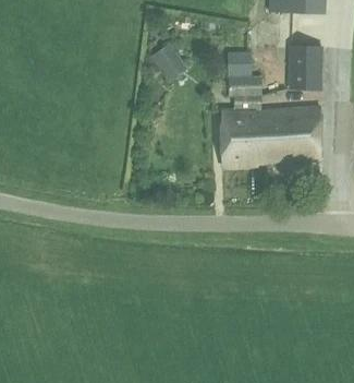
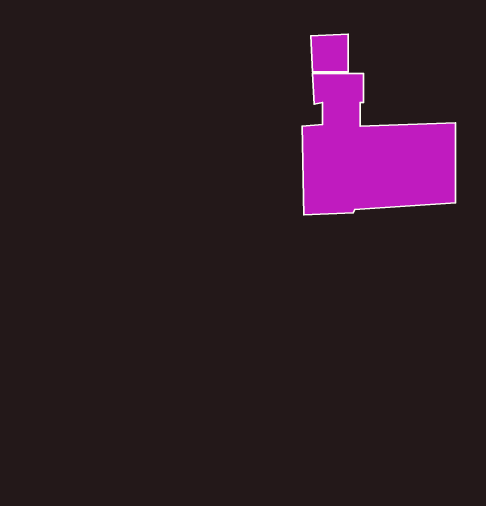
building: [151,41,187,80] -> none
building: [290,45,321,88] -> none

